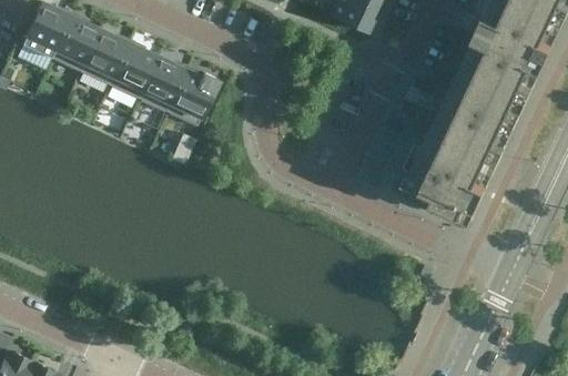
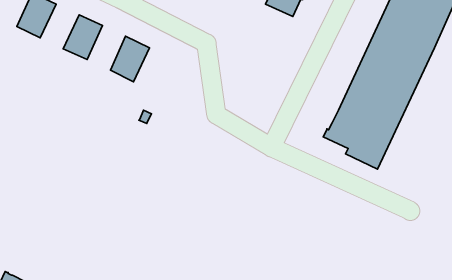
building: [50,16,99,71] -> none
building: [109,42,156,98] -> none
building: [166,70,217,125] -> none

